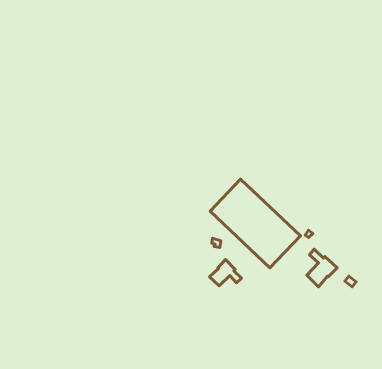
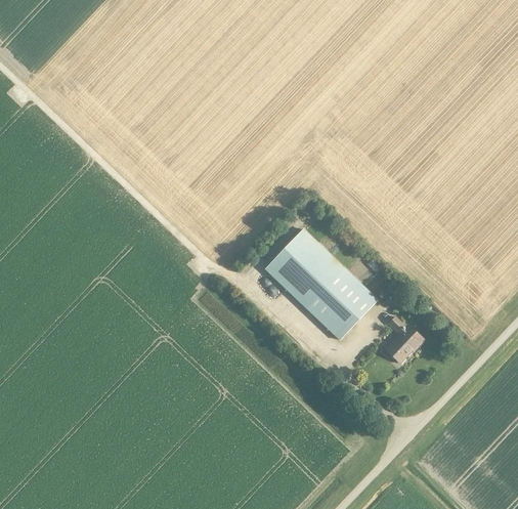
building: [209,260,242,286] -> none

